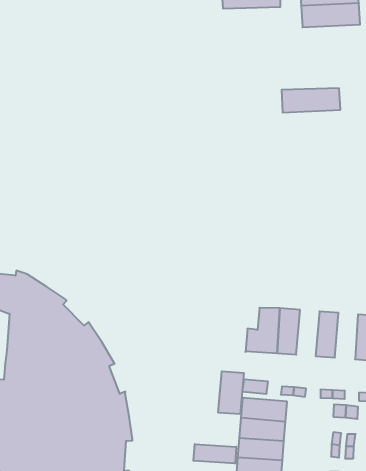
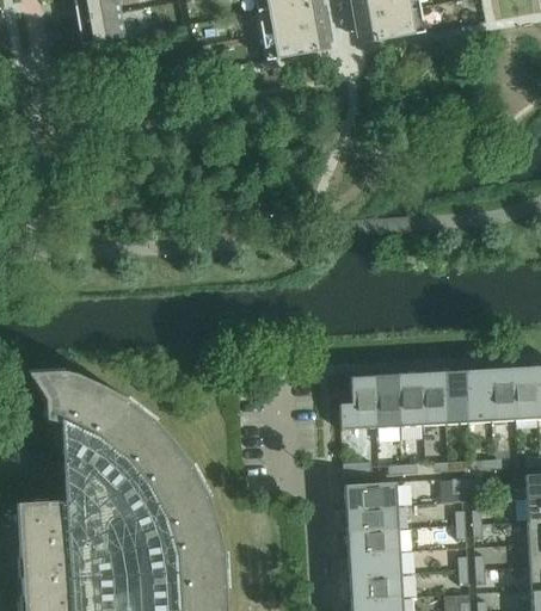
building: [282,88,340,113] -> [263,24,334,61]
building: none -> [399,372,424,426]
building: none -> [444,370,471,424]
building: [218,371,244,414] -> none
building: [194,444,236,464] -> none

